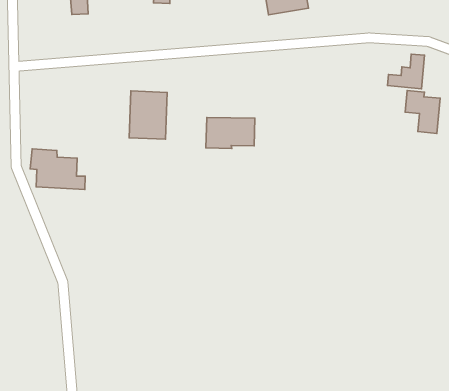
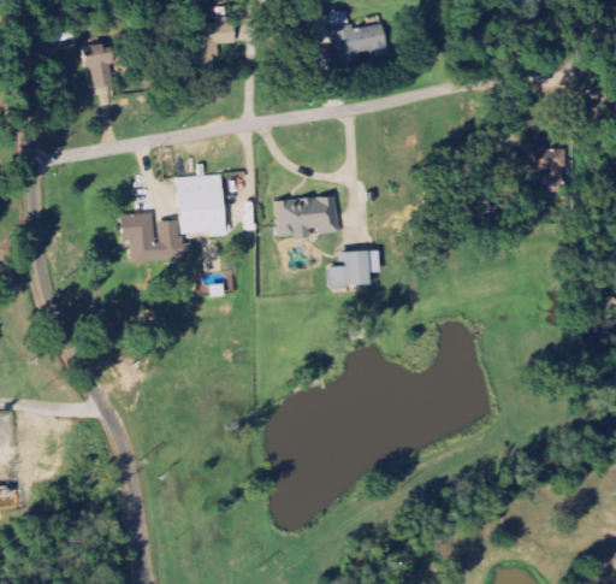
building: [387,54,424,89] -> none
building: [30,149,85,189] -> [120,213,191,261]
building: none -> [328,249,379,287]

